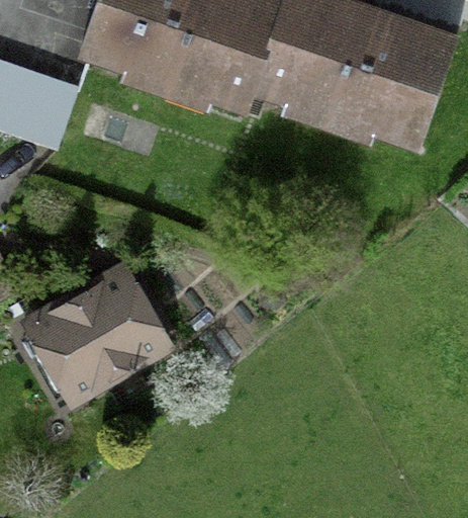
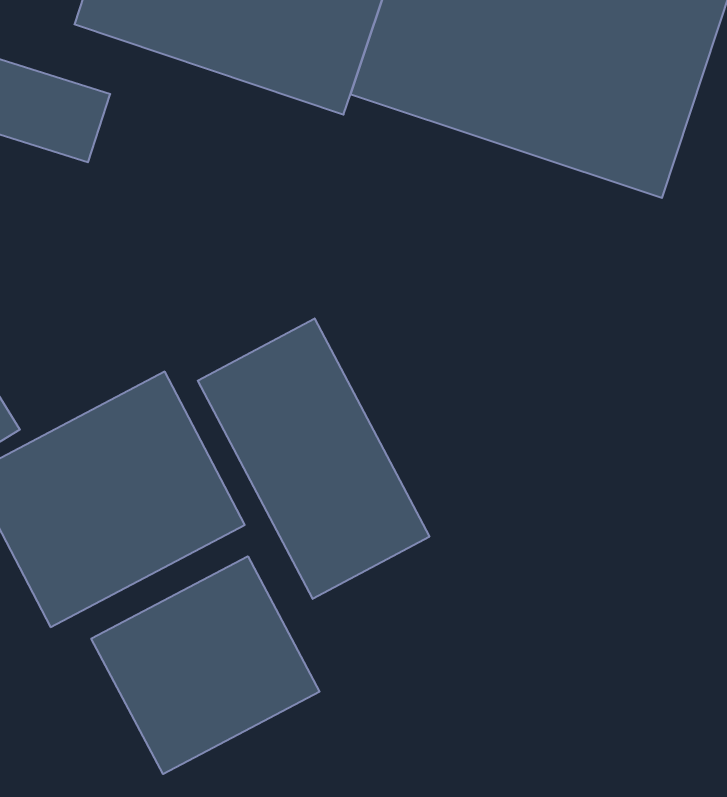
building: none -> [198,318,429,599]
building: none -> [91,556,320,774]

